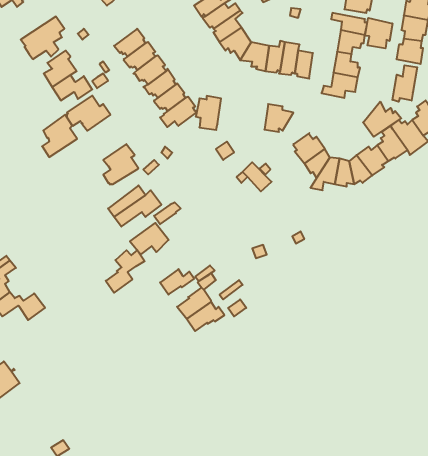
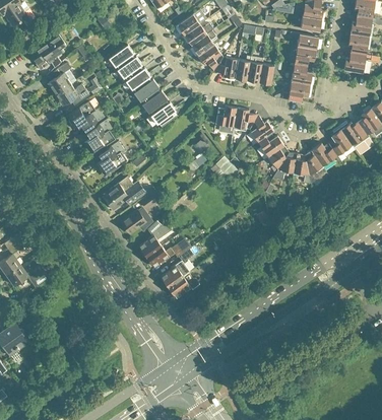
building: [365,18,392,48] -> none
building: [392,65,417,102] -> none
building: [196,96,221,130] -> [215,106,237,134]
building: [363,102,401,137] -> none
building: none -> [249,115,274,143]
building: [42,115,77,157] -> [86,119,116,154]
building: [106,250,145,293] -> [139,221,172,257]

